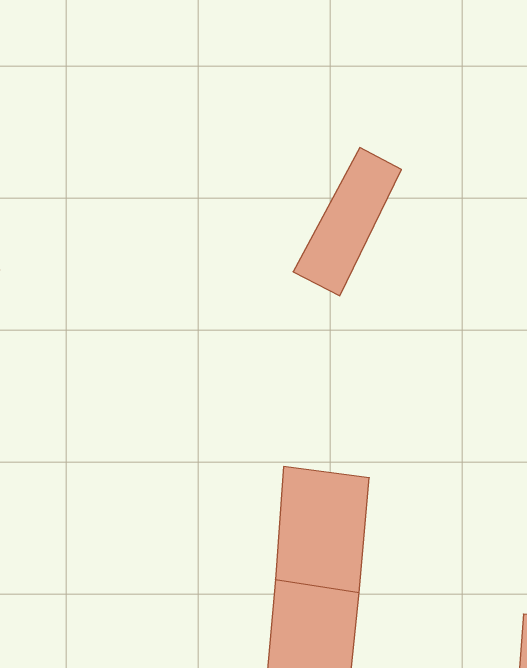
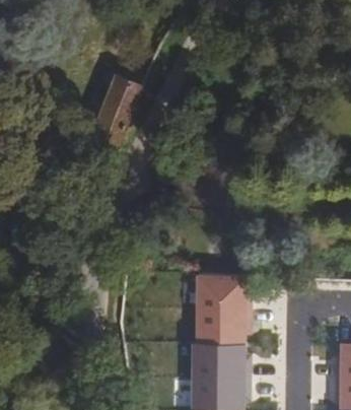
building: [293,148,401,296] -> [88,67,144,151]

